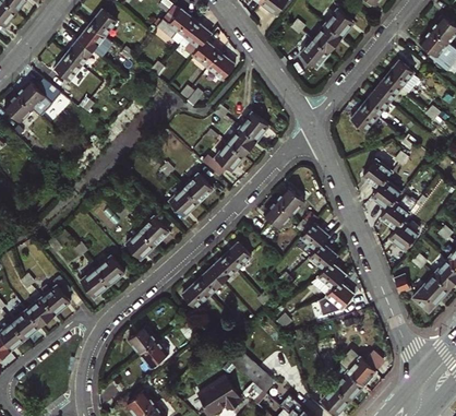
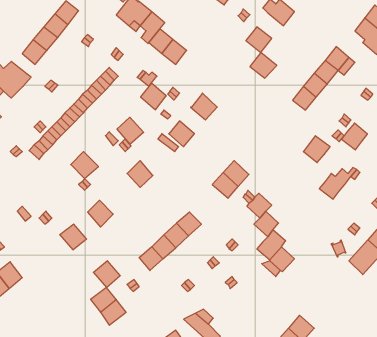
building: [312,23,341,51] -> [250,52,277,78]
building: [227,127,255,156] -> [141,83,166,110]
building: [183,173,213,202] -> [117,117,144,144]
building: [372,179,400,209] -> [342,123,367,150]
building: [139,215,169,245] -> [71,152,98,178]
building: [389,219,419,249] -> none
building: [80,268,109,297] -> [93,261,120,288]
building: [40,276,71,314] -> none

